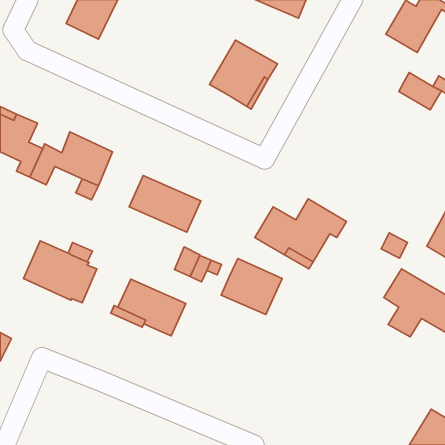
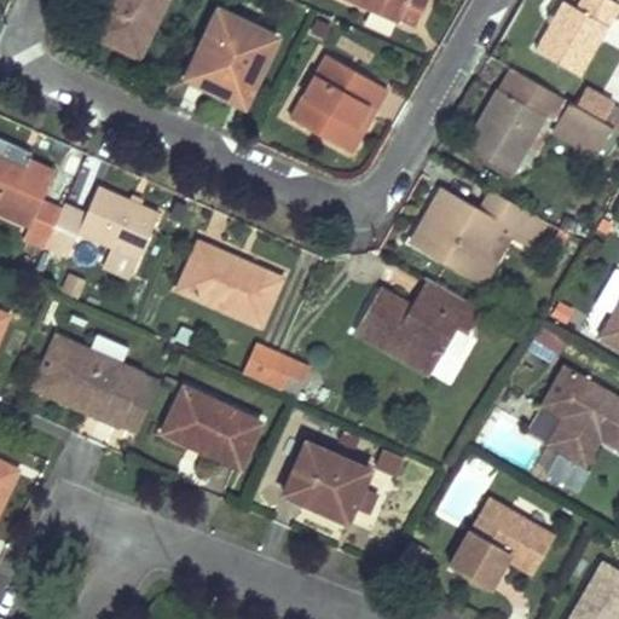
building: none -> [186,11,274,105]
building: none -> [465,66,562,170]
building: none -> [411,187,548,282]
building: [221,259,282,314] -> [284,441,369,519]
building: none -> [115,372,158,429]
building: none -> [453,504,563,600]

